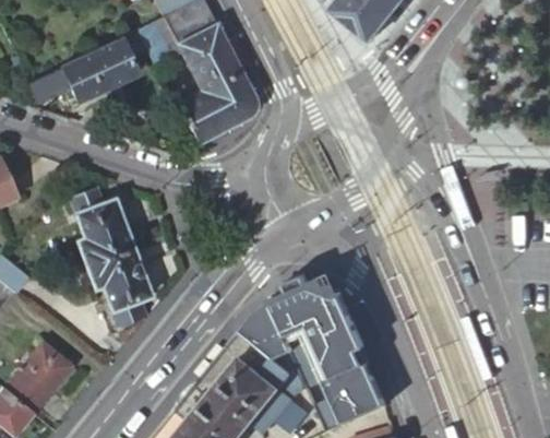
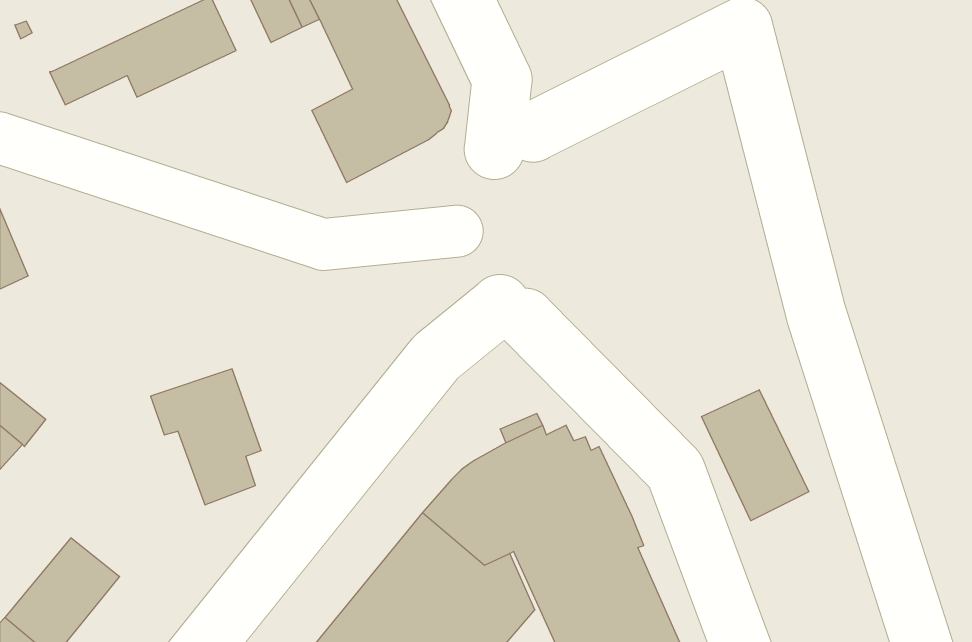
building: [71,185,133,264] -> none
building: none -> [702,390,809,521]

